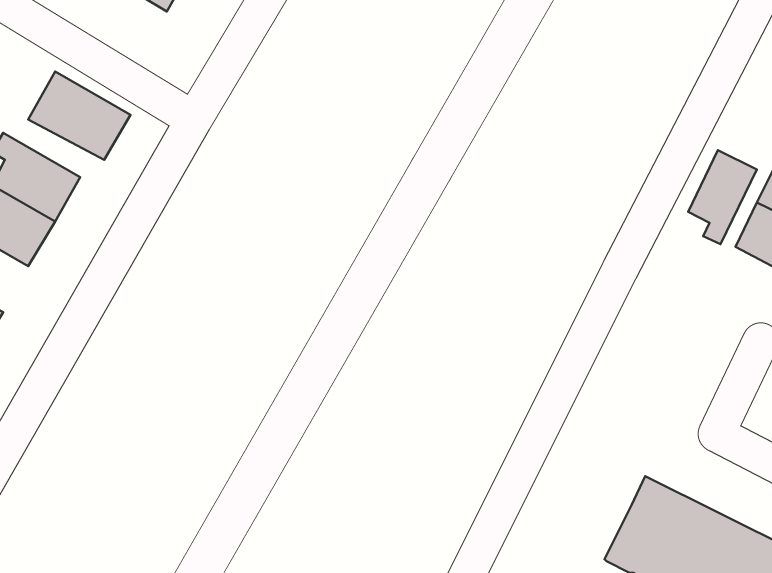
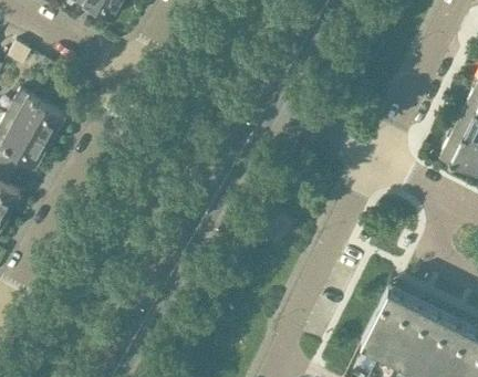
building: [28,71,130,160] -> none
building: [688,150,757,244] -> none

